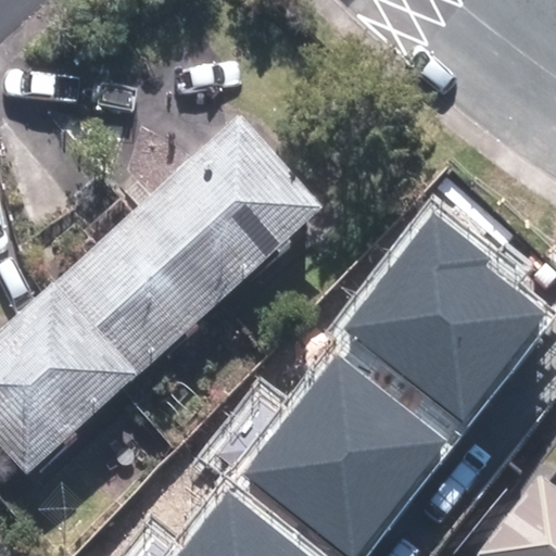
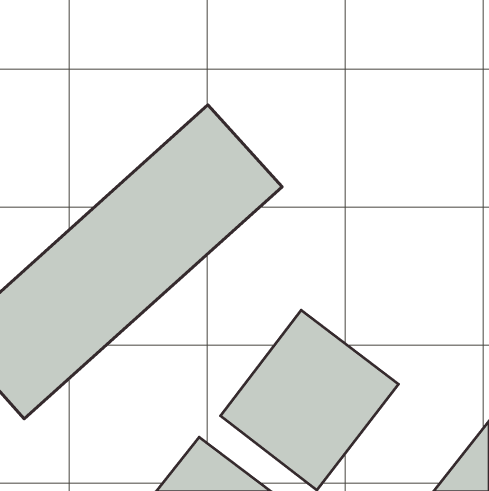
building: [343,215,541,421] -> none

